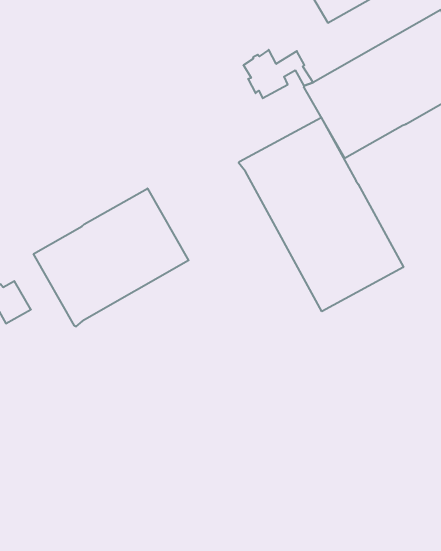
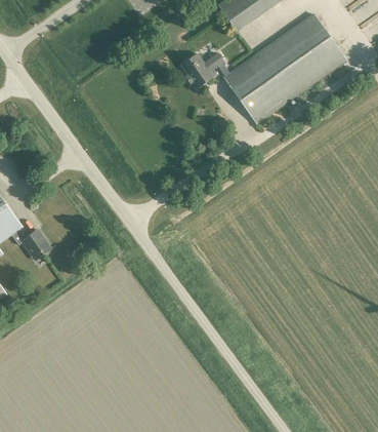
building: [239,117,403,311] -> none
building: [34,188,189,327] -> none

